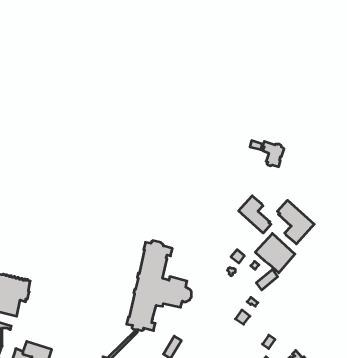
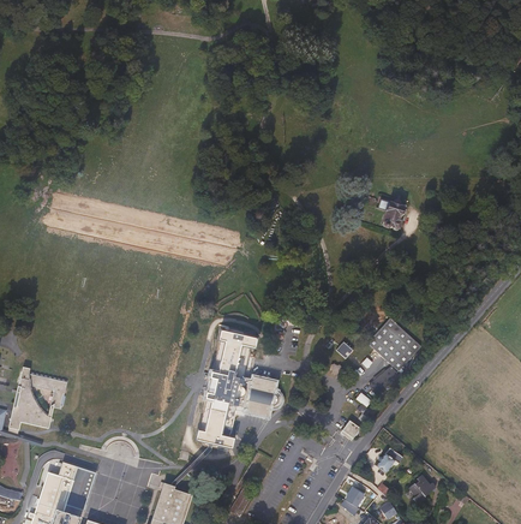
building: [239,196,271,233] -> none
building: [277,200,314,244] -> none

